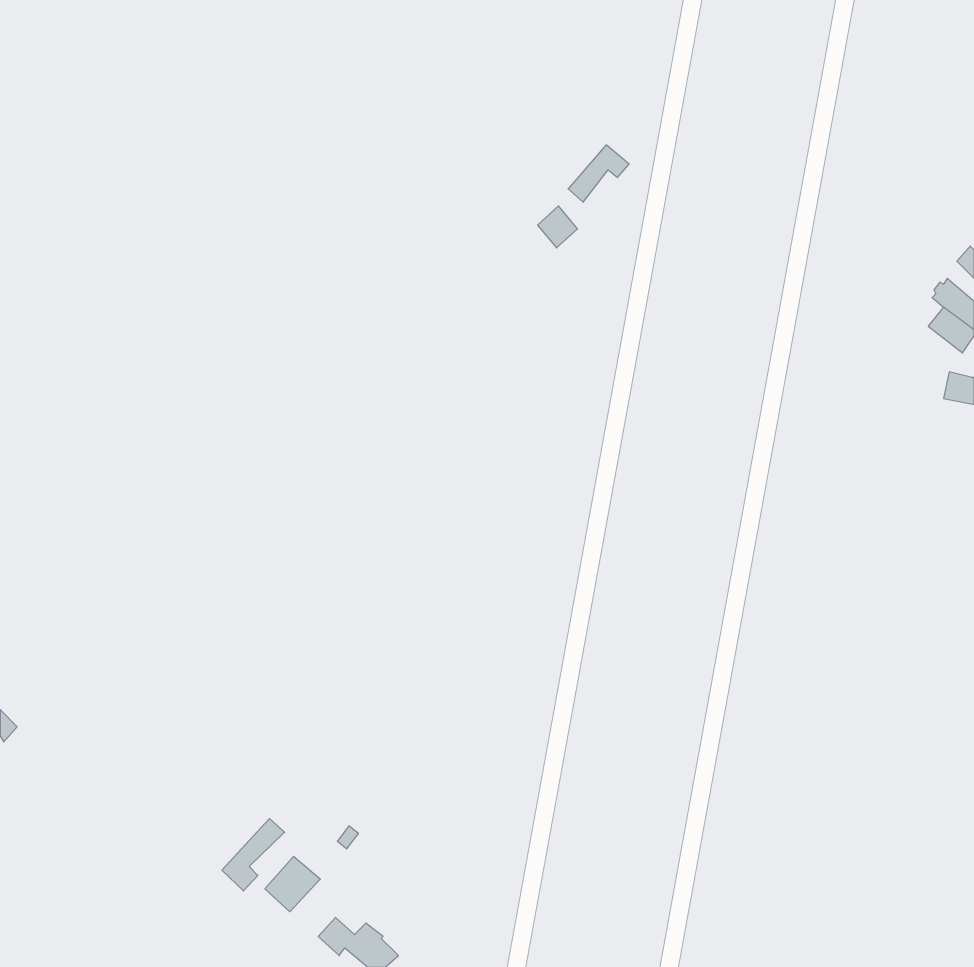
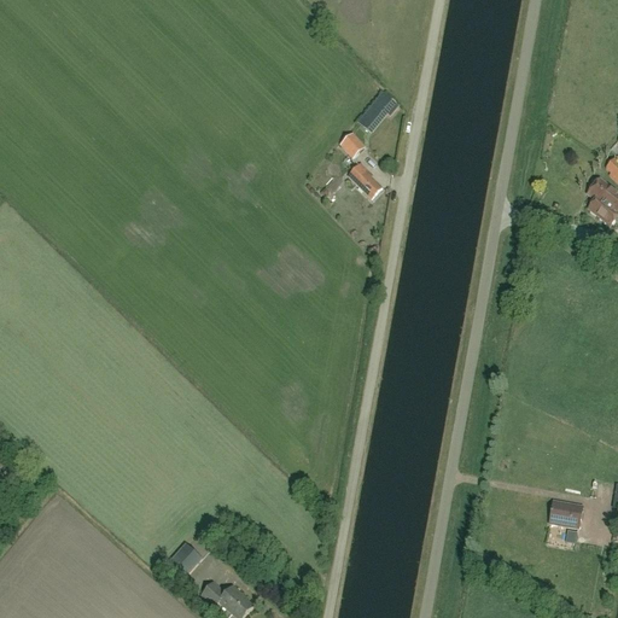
building: none -> [349,161,383,197]
building: none -> [549,499,583,526]
building: [222,819,285,891] -> none

